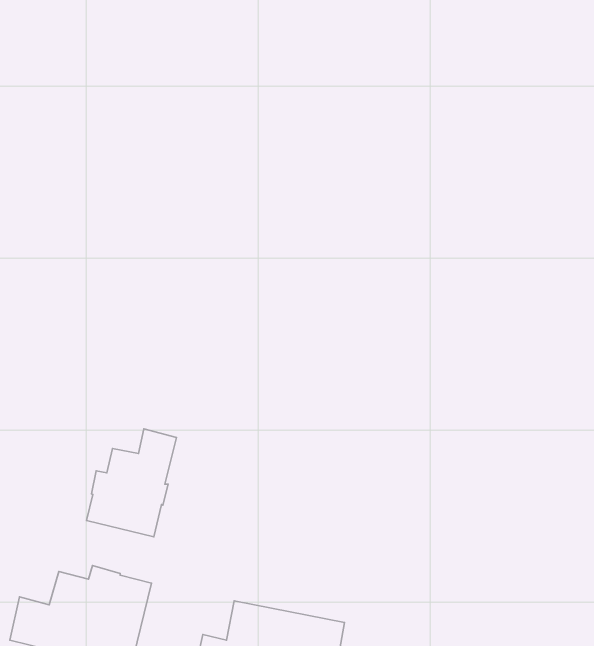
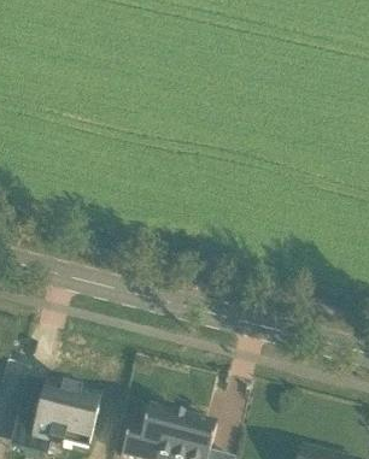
building: [87,429,176,537] -> none

